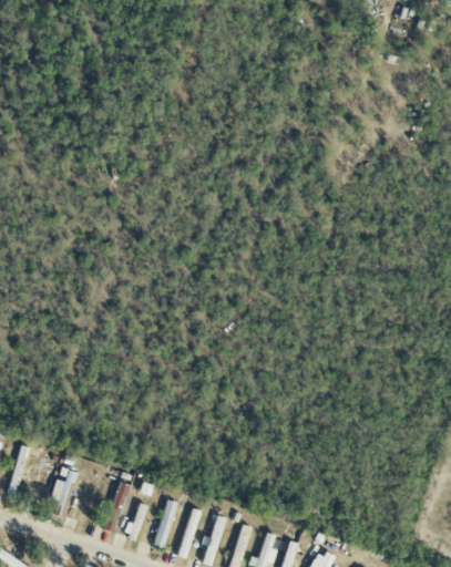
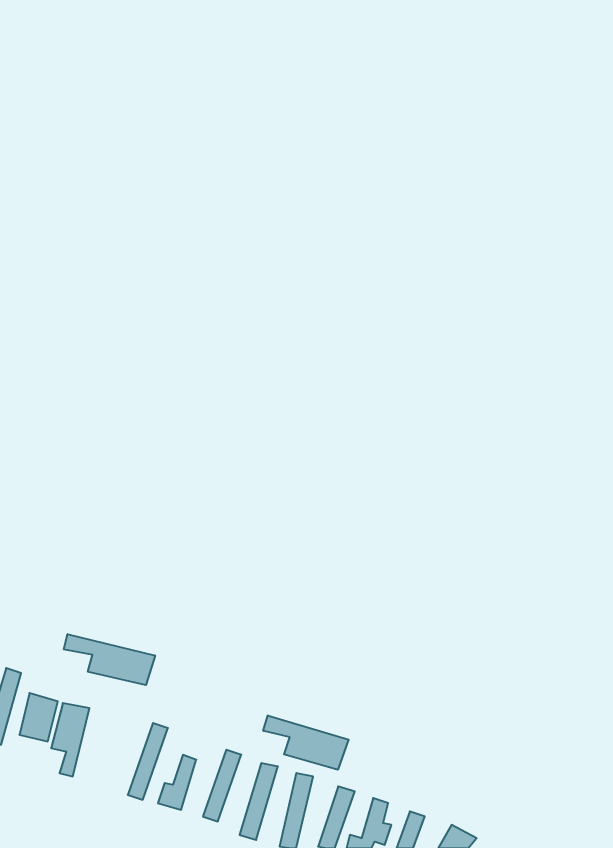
building: none -> [64,634,155,685]
building: none -> [263,715,349,770]

